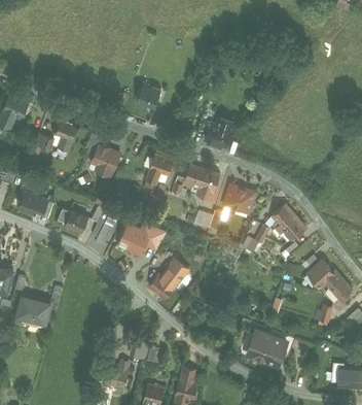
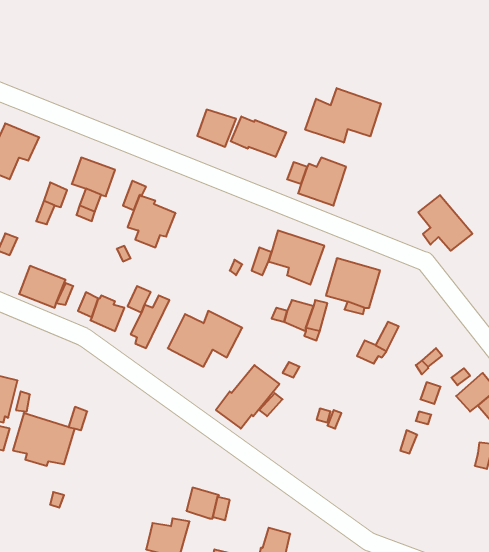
building: none -> [305,88,381,143]
building: none -> [231,116,286,157]
building: [144,153,174,183] -> none
building: [269,205,305,242] -> [418,195,472,251]
building: [242,323,294,367] -> none

